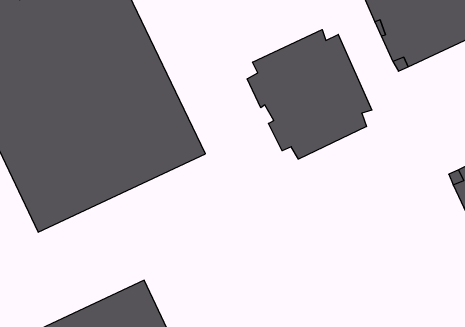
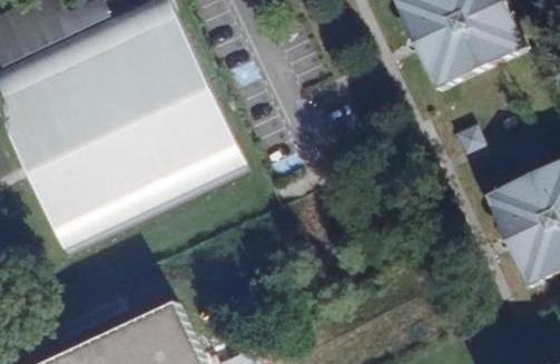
building: [247,30,372,159] -> none

